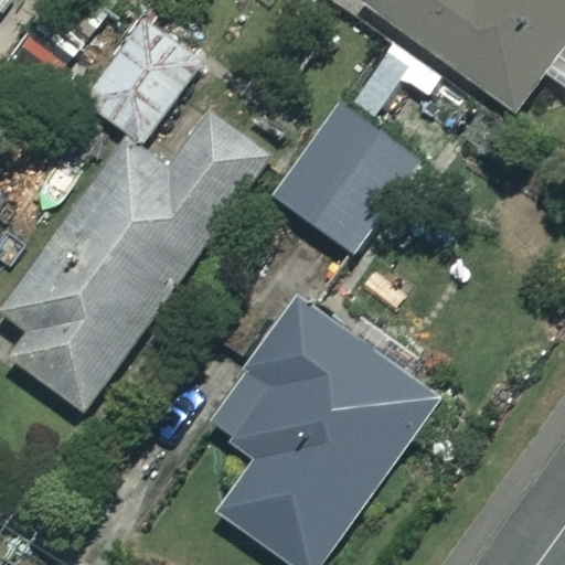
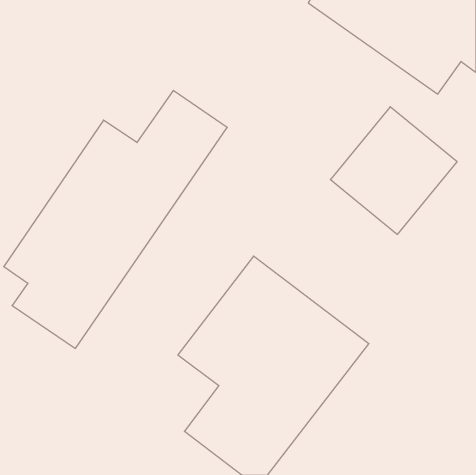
building: [75,19,198,143] -> none
building: [269,103,419,254] -> [330,107,457,234]

